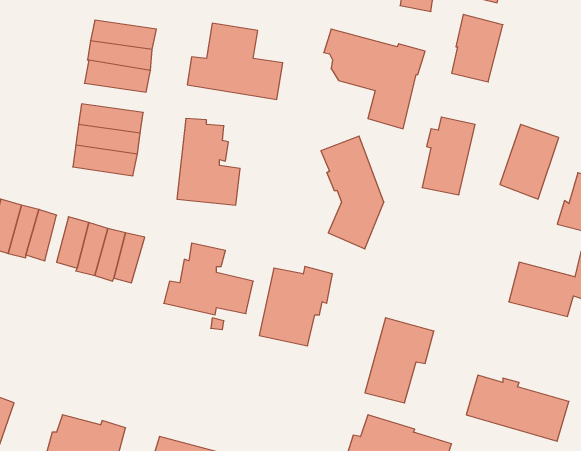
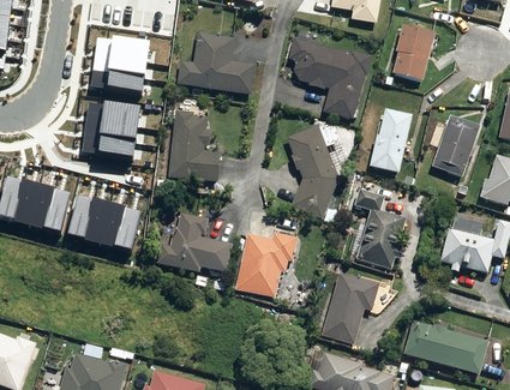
building: none -> [354,191,406,269]

